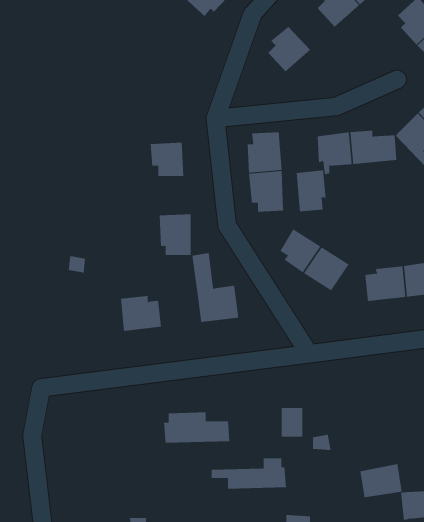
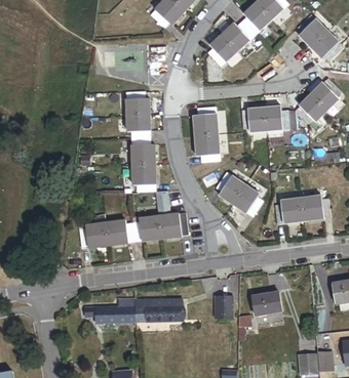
building: none -> [222,22,254,50]
building: none -> [126,91,149,115]
building: [296,170,326,212] -> none
building: none -> [131,137,155,164]
building: none -> [78,213,108,248]
building: none -> [132,215,161,241]
building: [211,458,287,489] -> [84,300,137,322]
building: [359,464,403,498] -> [251,291,281,314]

